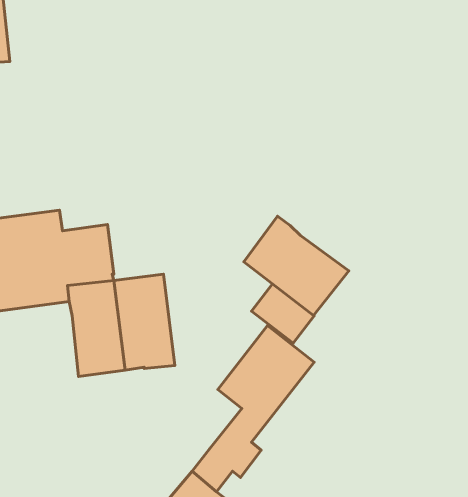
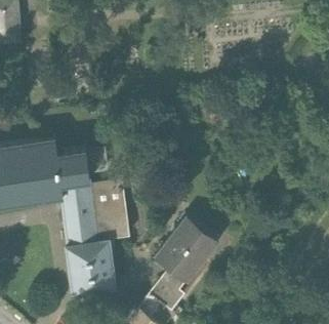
building: [244,216,349,315] -> none
building: none -> [66,239,115,293]

